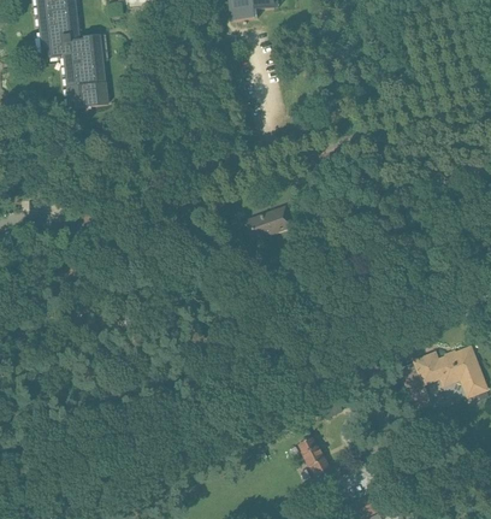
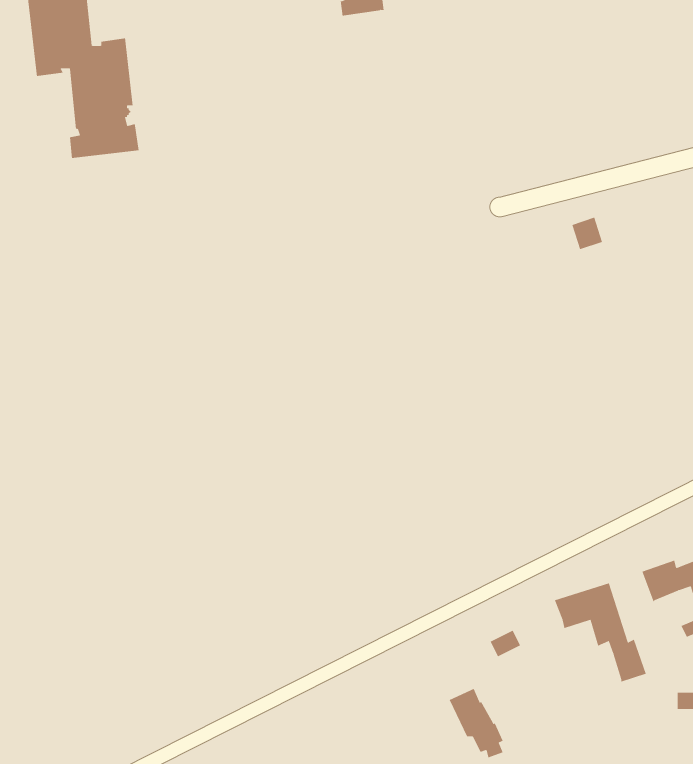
building: [243,206,292,240] -> none
building: none -> [554,583,646,683]

